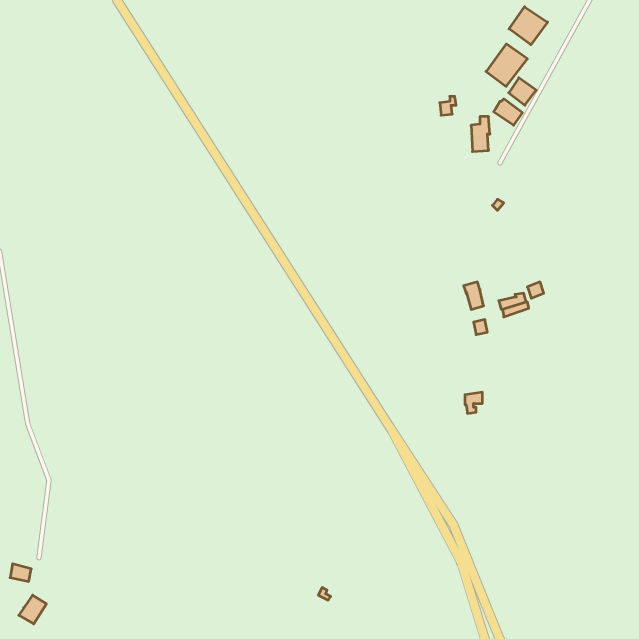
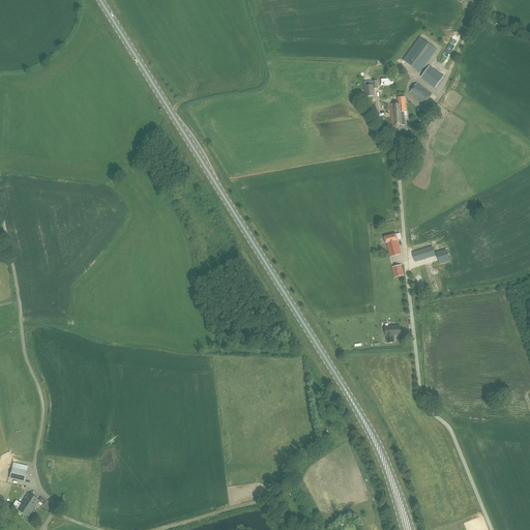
building: [509,7,548,45] -> none

